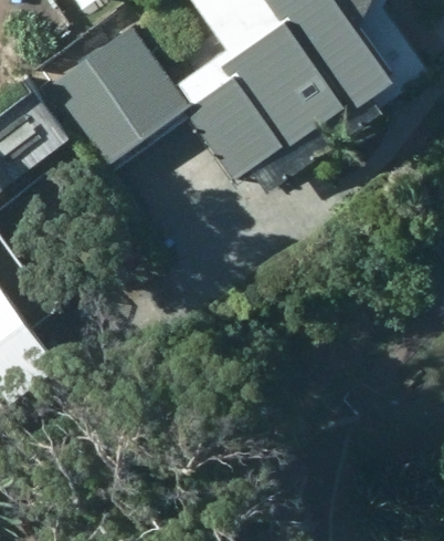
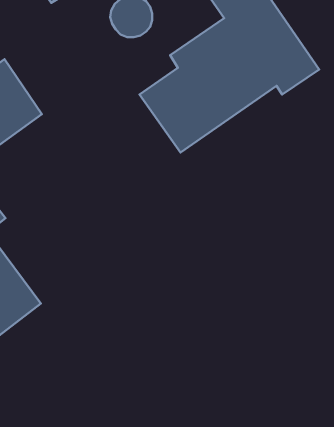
building: [44,25,187,167] -> none

